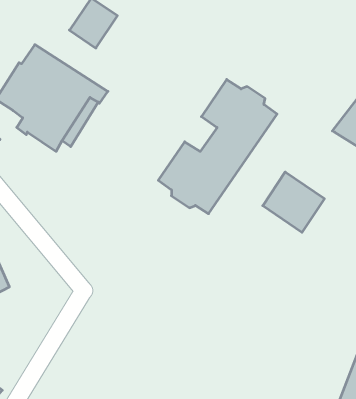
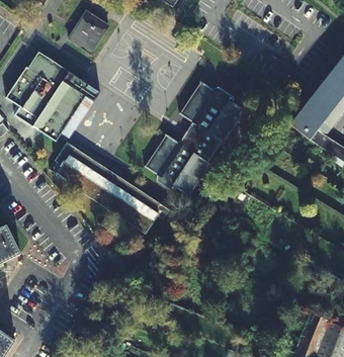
building: none -> [57,141,173,229]
building: [263,172,324,232] -> none

